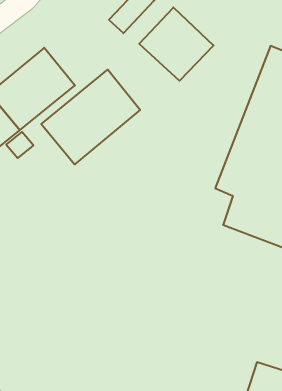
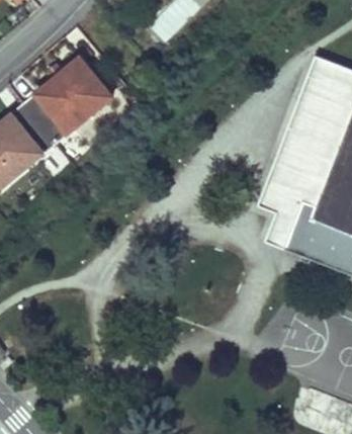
building: [139,7,214,81] -> none
building: [41,70,140,164] -> none

